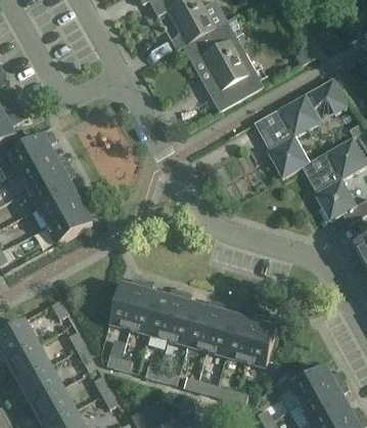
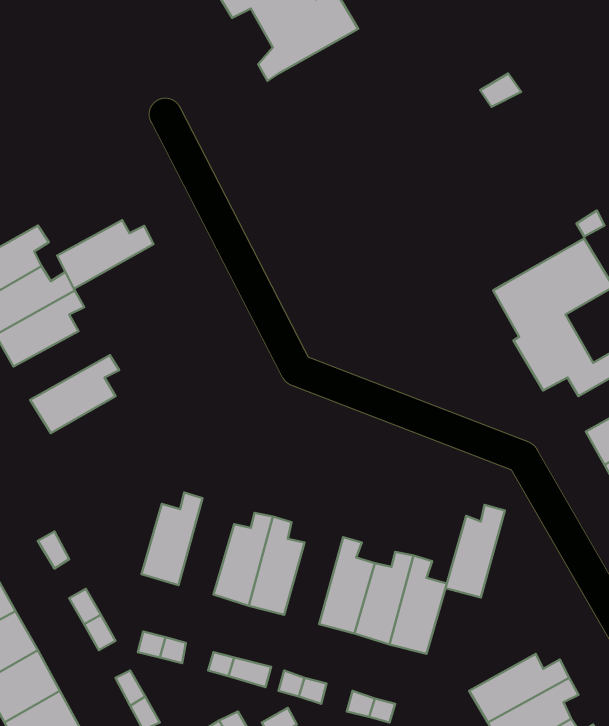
building: [183,22,264,112] -> none
building: [254,79,348,178] -> none
building: [37,188,90,226] -> [57,220,154,289]
building: [128,281,158,334] -> none
building: [186,299,219,350] -> [446,505,505,598]

